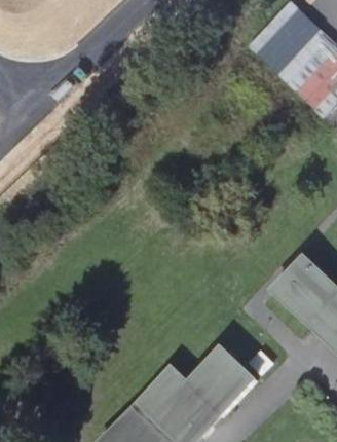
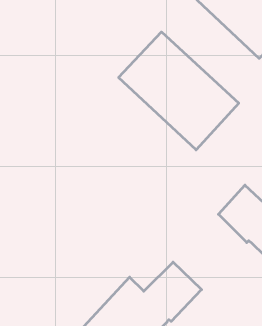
building: none -> [119,32,239,150]

